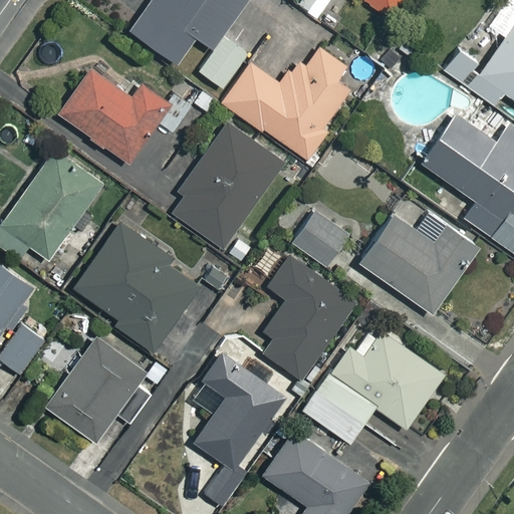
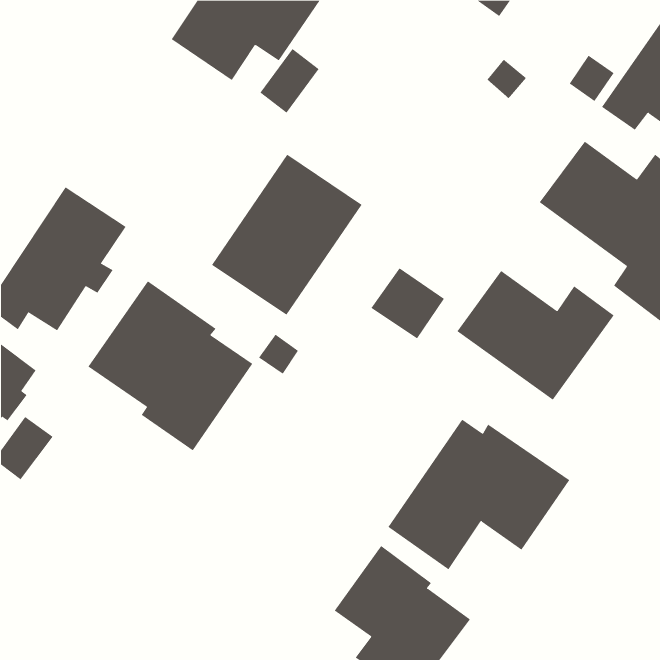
building: [224,48,348,160] -> none
building: [57,66,188,163] -> none
building: [265,256,356,379] -> none
building: [47,339,155,443] -> none
building: [194,351,283,506] -> none

